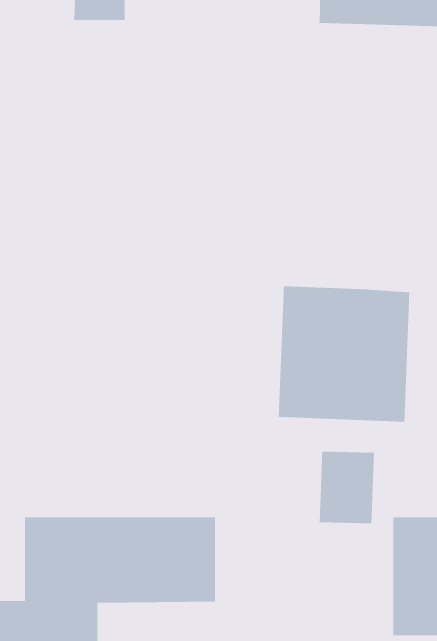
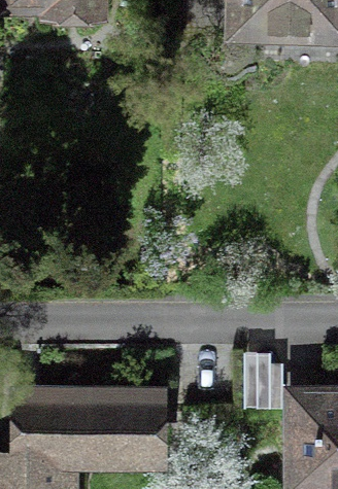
building: [278,286,410,422] -> none

